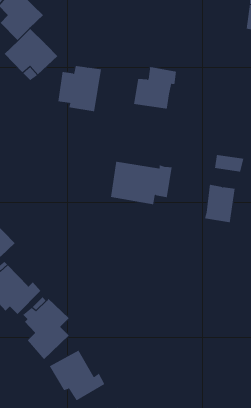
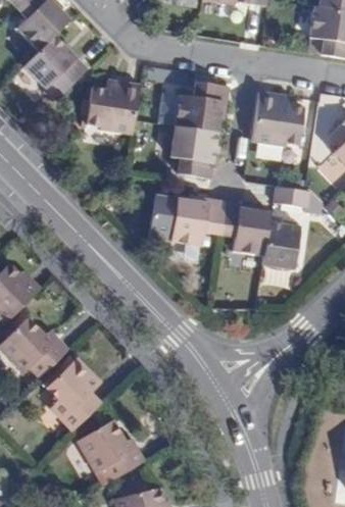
building: none -> [250,91,303,147]
building: none -> [171,125,217,176]
building: none -> [217,201,269,255]

